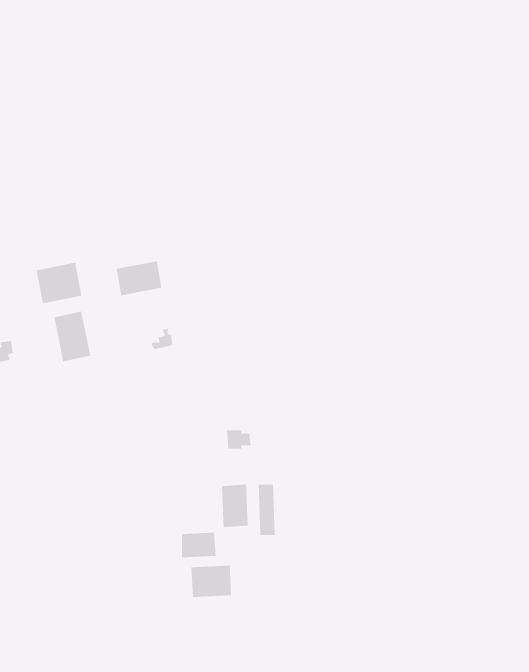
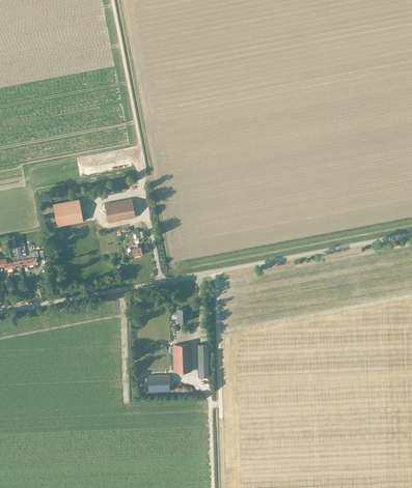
building: [54,311,91,362] -> none
building: [191,565,232,598] -> none

